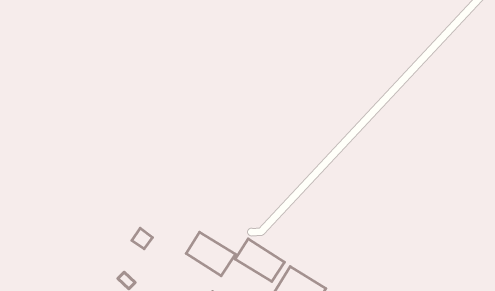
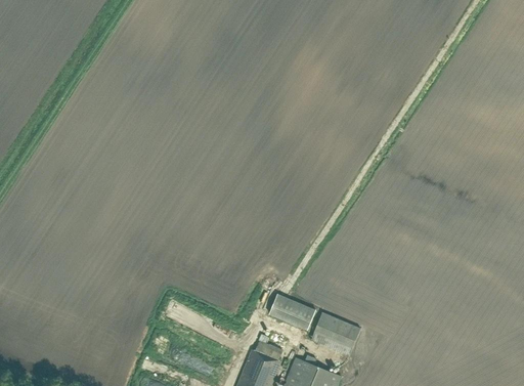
building: [186,232,235,276] -> none

